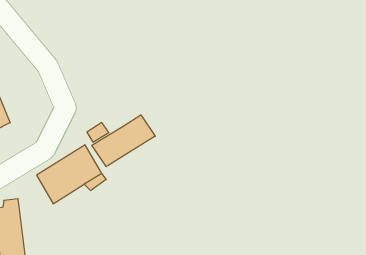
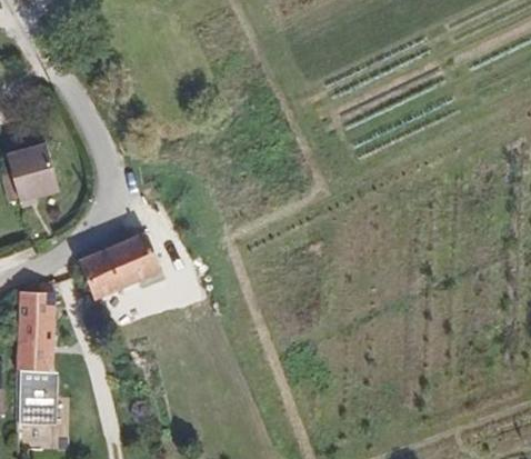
building: [92,115,155,167] -> none

